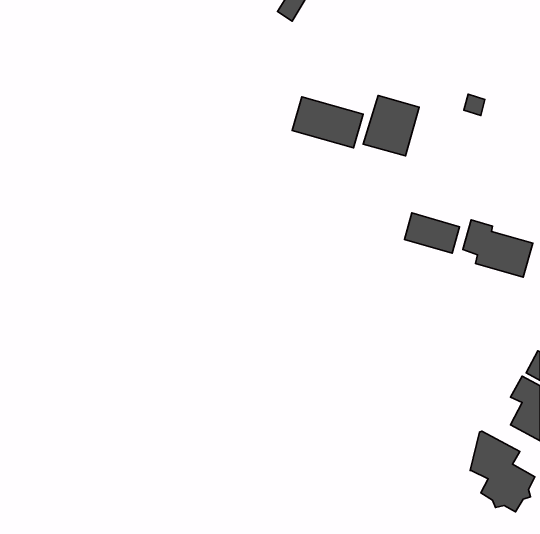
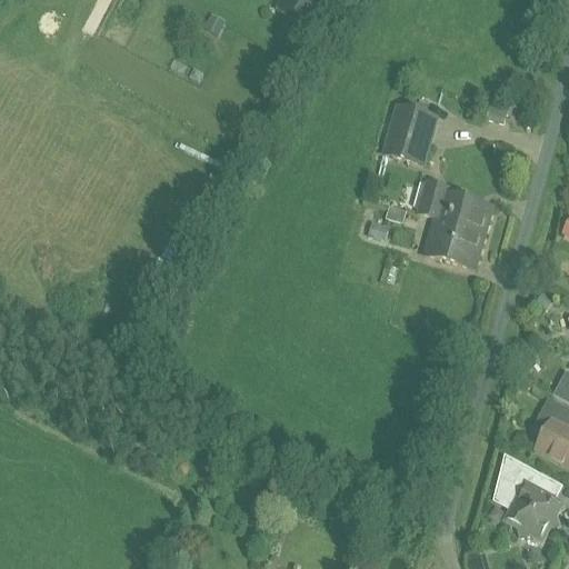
building: [292,97,363,148] -> none
building: [463,220,533,277] -> [419,178,492,238]

